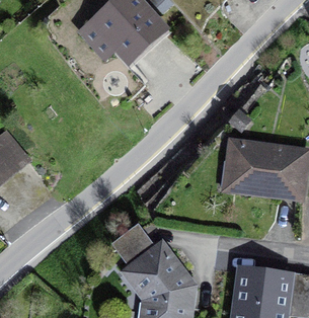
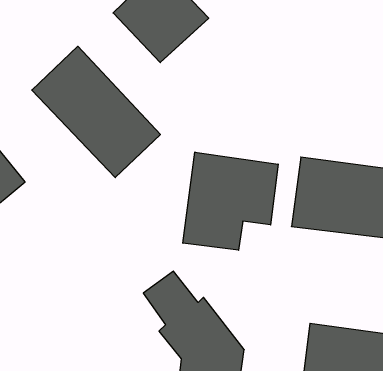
building: none -> [32,46,160,178]
building: none -> [183,152,278,250]

